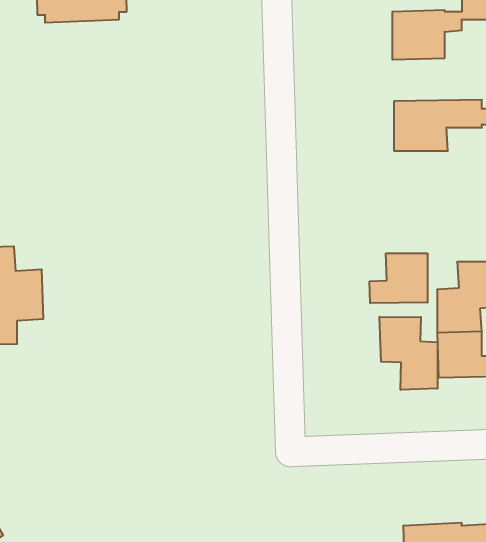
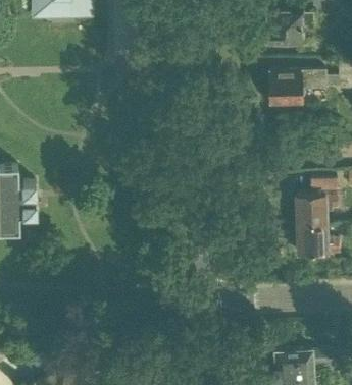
building: [370,253,427,303] -> none
building: [380,317,438,390] -> none

